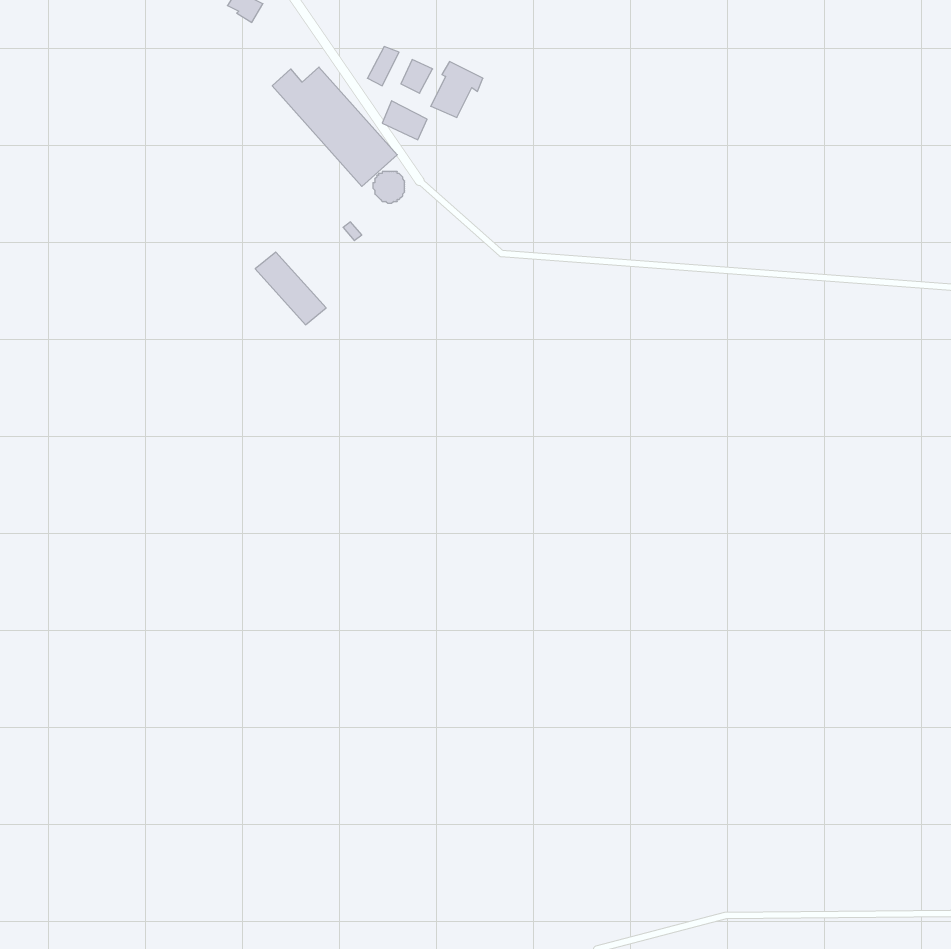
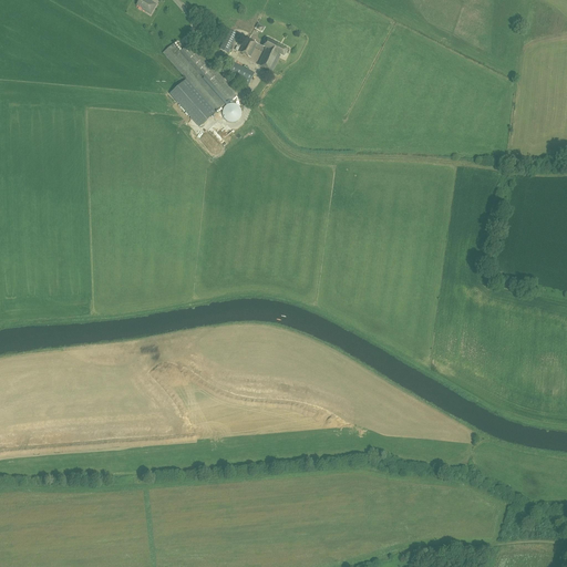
building: [255,252,326,325] -> [168,82,210,125]

